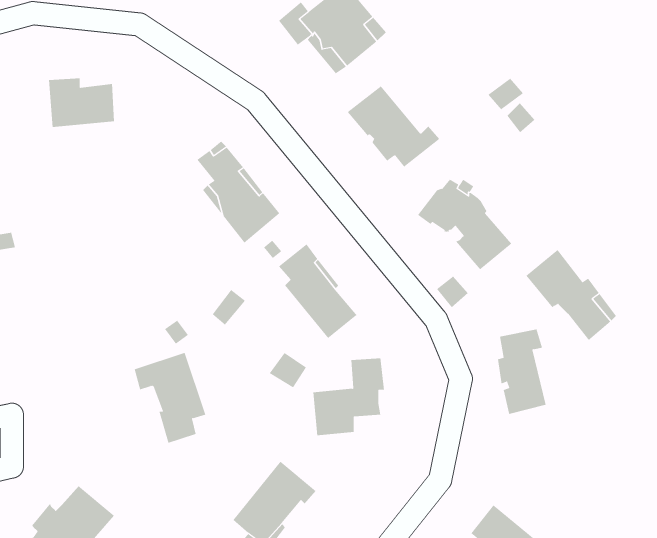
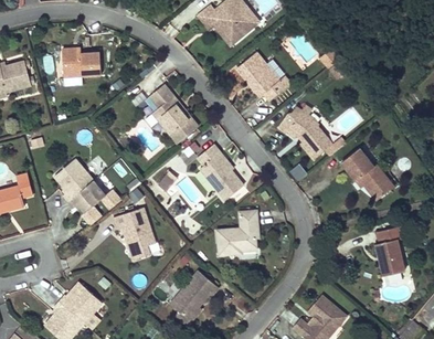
building: none -> [54,158,106,212]
building: [497,329,547,414] -> [375,226,404,276]

